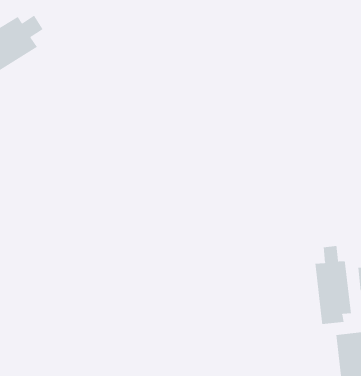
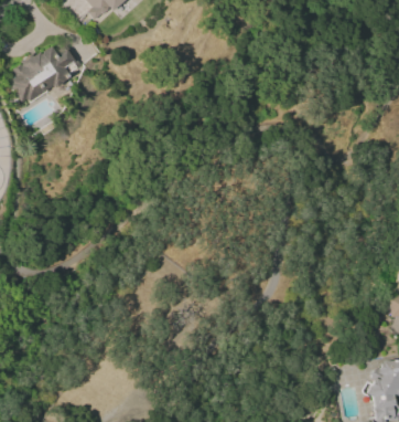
building: [315,245,351,325] -> none

